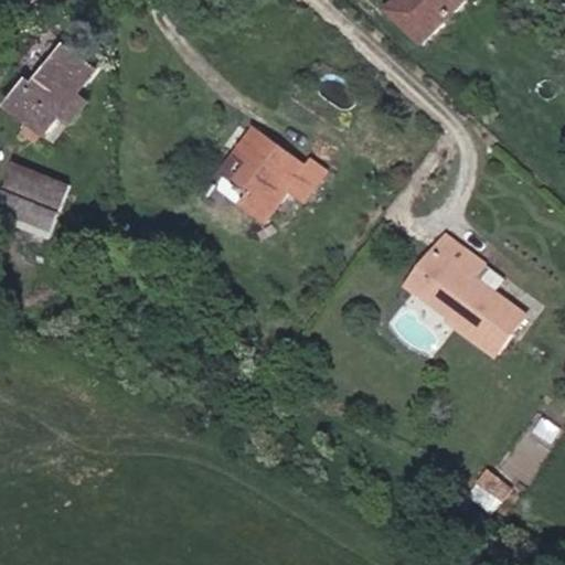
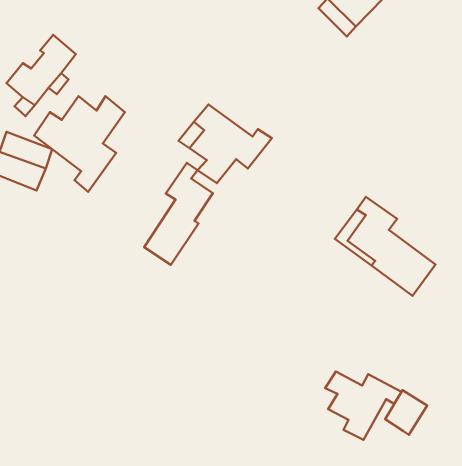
building: none -> [34,96,125,192]
building: none -> [144,163,213,265]
building: none -> [325,372,401,440]

